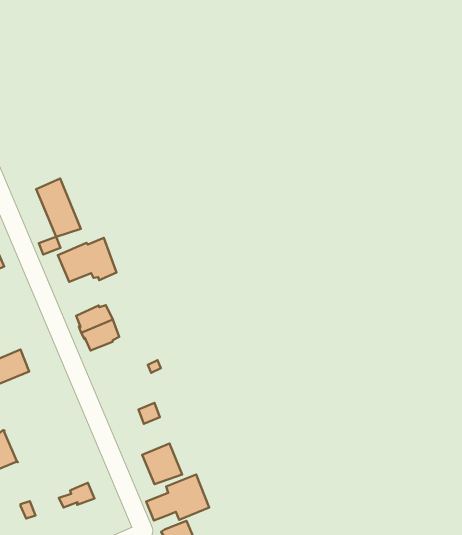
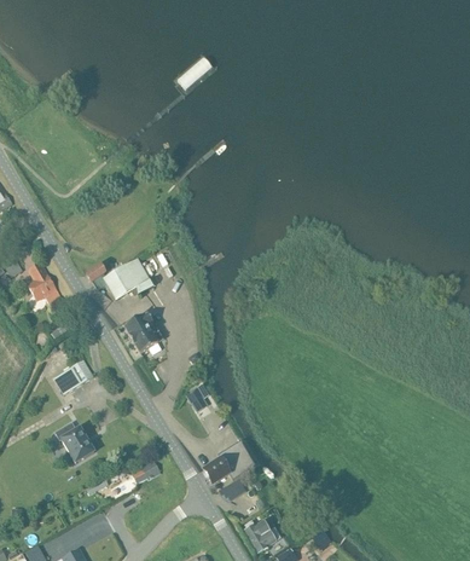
building: [36,179,81,237] -> none
building: [142,443,182,484] -> none

